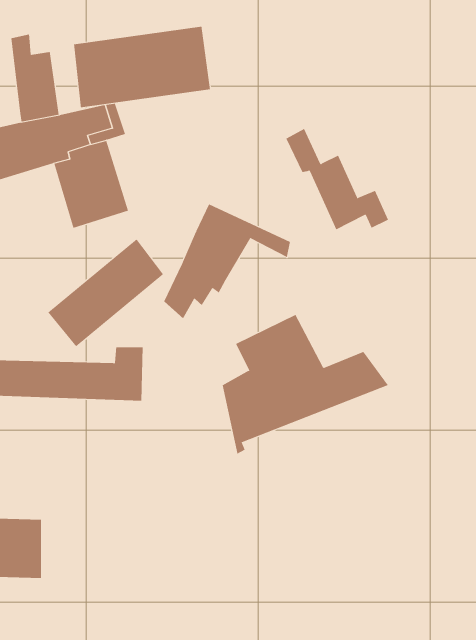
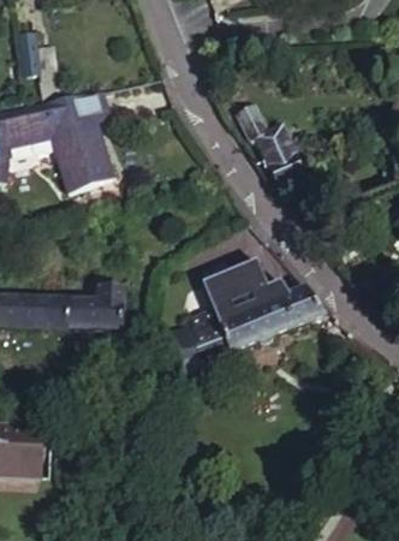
building: [74,26,211,108] -> none
building: [164,204,290,319] -> none
building: [47,238,164,347] -> none

